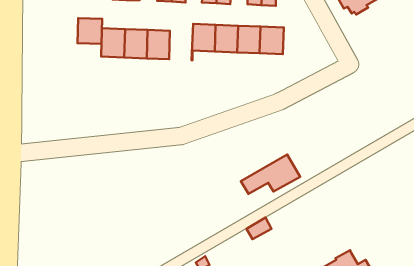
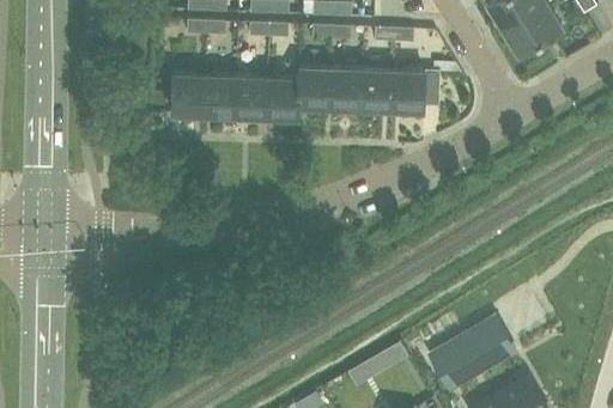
building: [77,18,102,44] -> none
building: none -> [266,67,299,118]
building: [241,154,300,194] -> [430,317,512,372]

